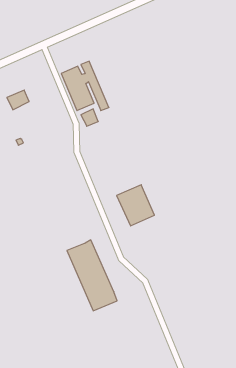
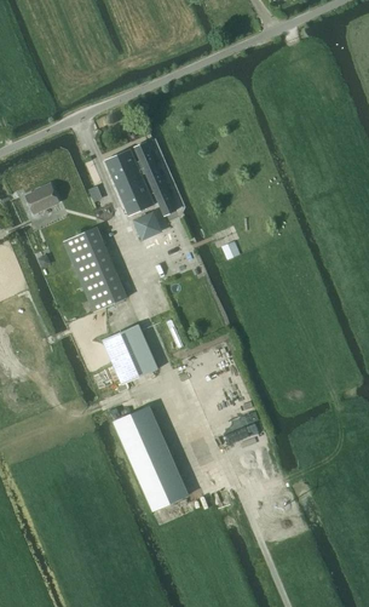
building: none -> [63,227,127,311]
building: [117,185,154,226] -> [103,325,158,385]

